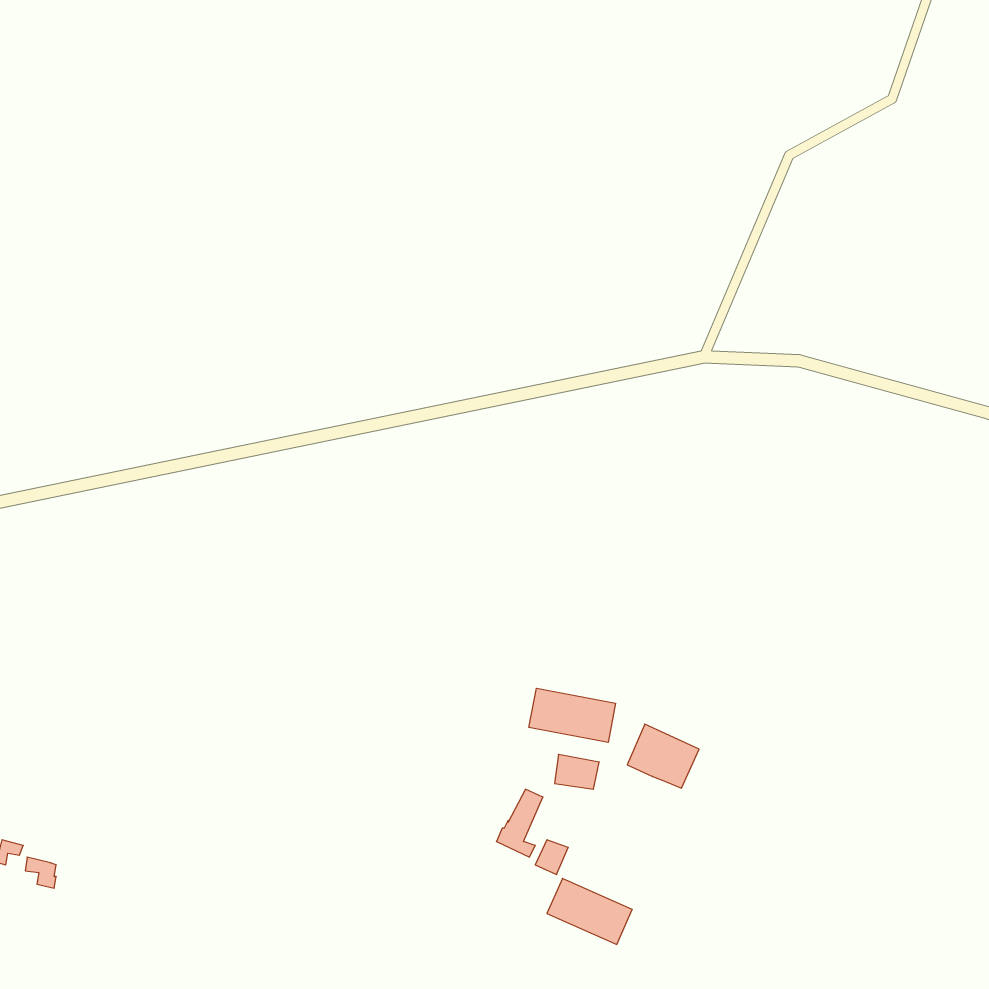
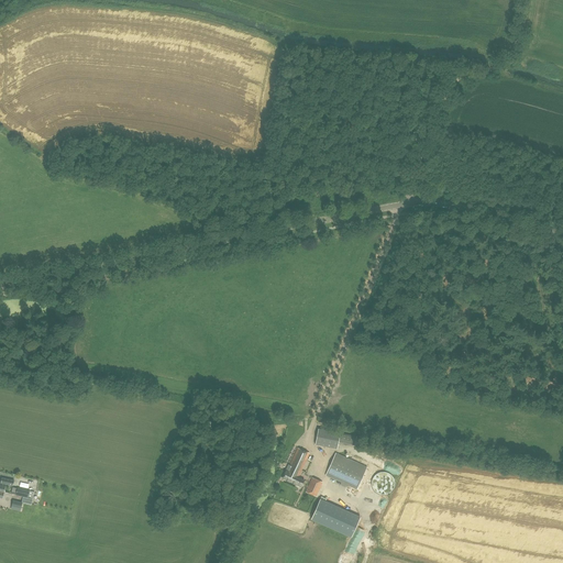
building: [529,688,615,742] -> none
building: [627,724,699,788] -> [325,452,366,488]

